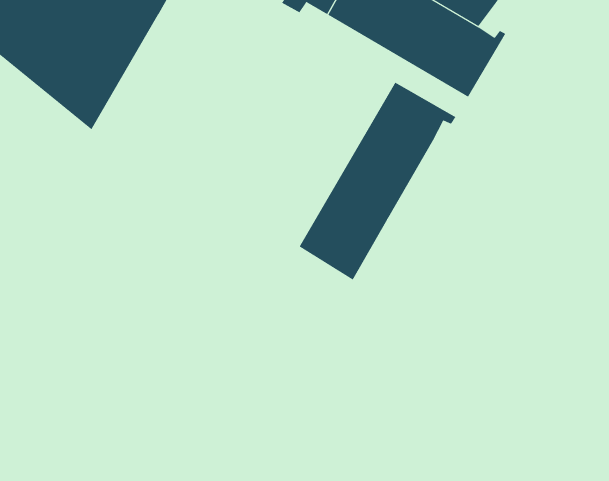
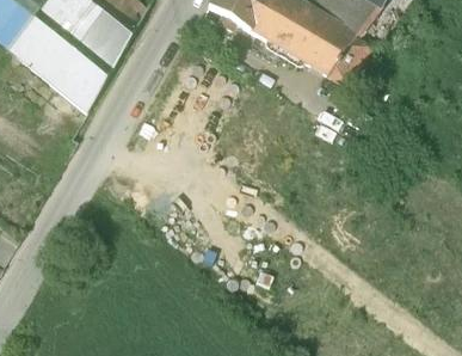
building: [299,82,456,280] -> none

